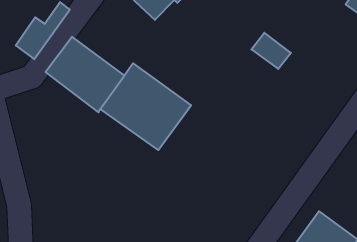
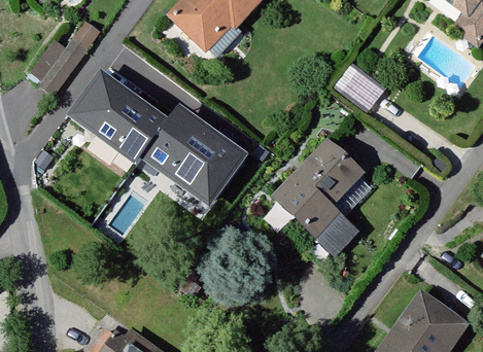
building: none -> [272,137,363,251]

